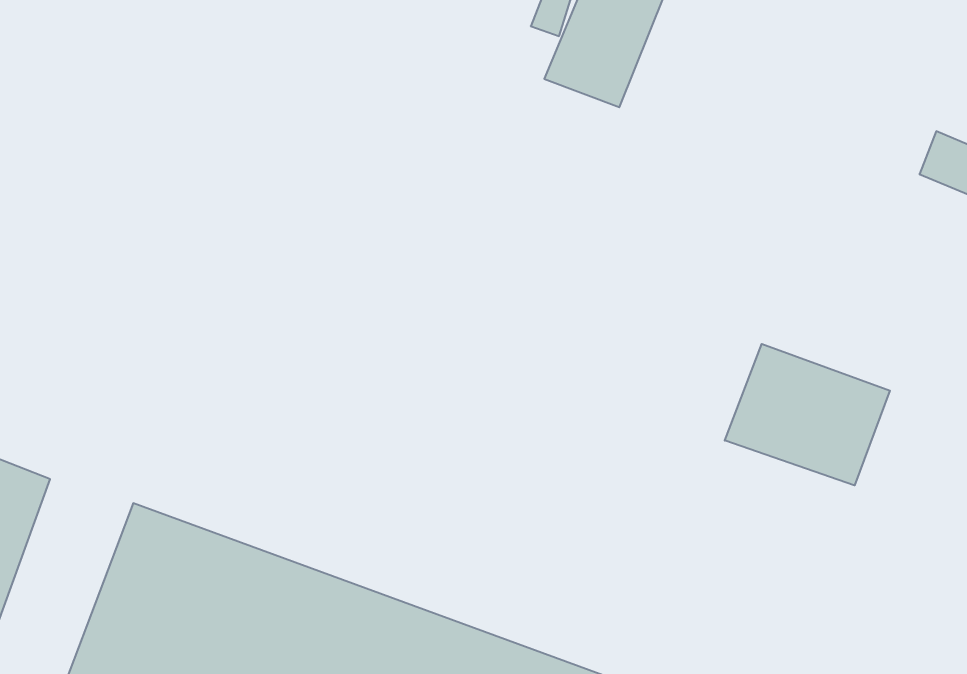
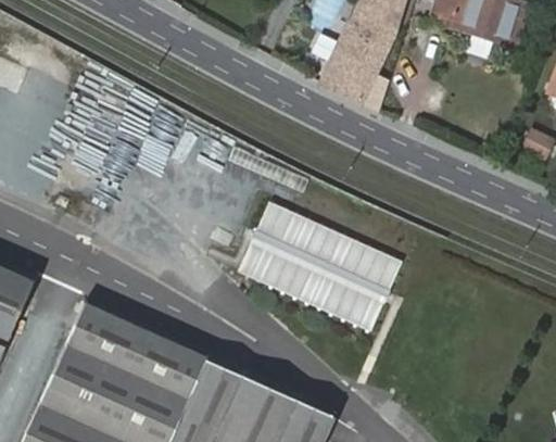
building: none -> [238,202,404,333]
building: [725,344,890,485] -> none

